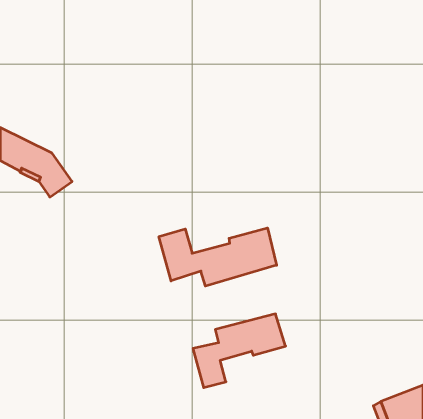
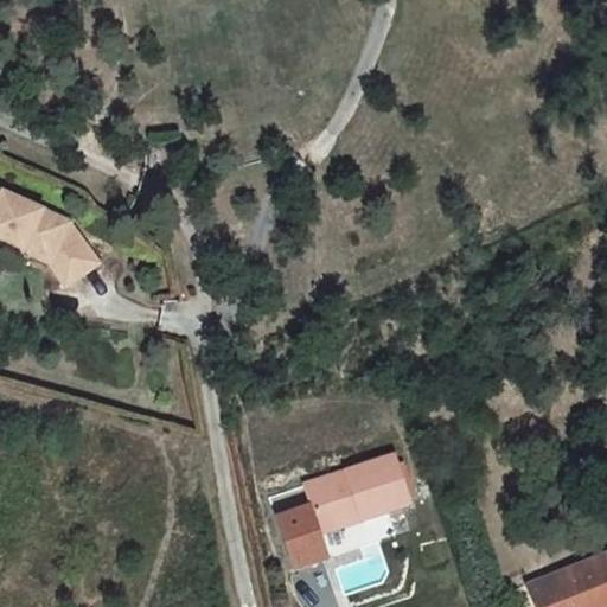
building: [159,228,277,286] -> none

